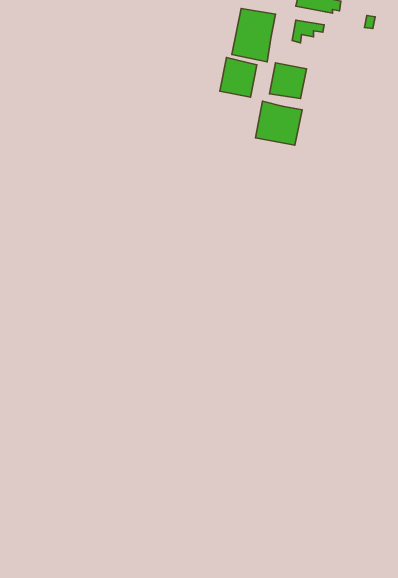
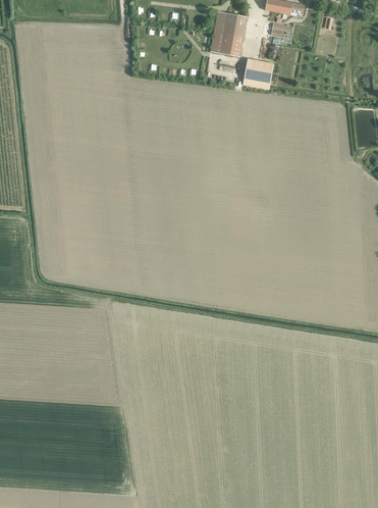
building: [220,58,257,97] -> none
building: [255,101,302,145] -> none

